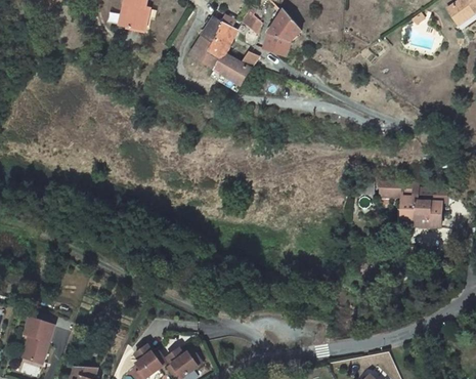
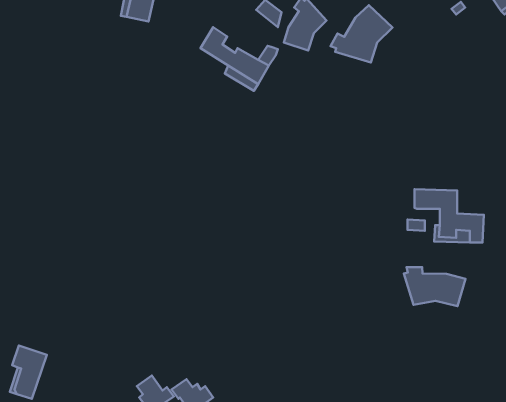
building: none -> [330,5,392,62]
building: [202,16,236,57] -> none
building: none -> [404,267,466,306]

